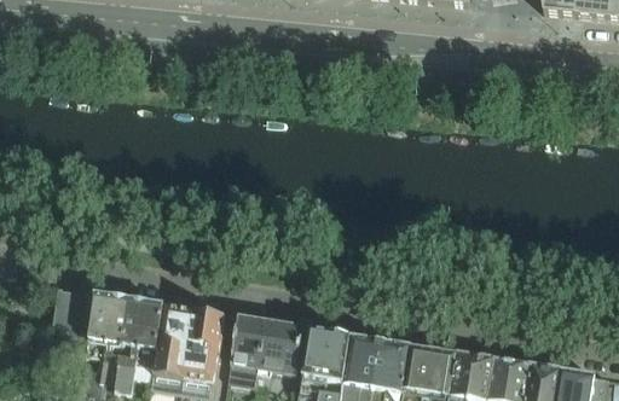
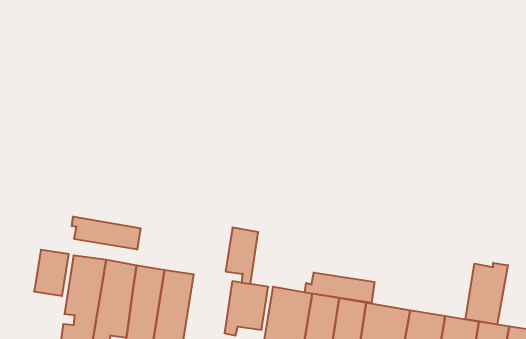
building: none -> [72,216,141,250]
building: none -> [465,263,508,325]
building: none -> [305,272,374,303]
building: [230,313,265,373] -> [226,228,258,284]

